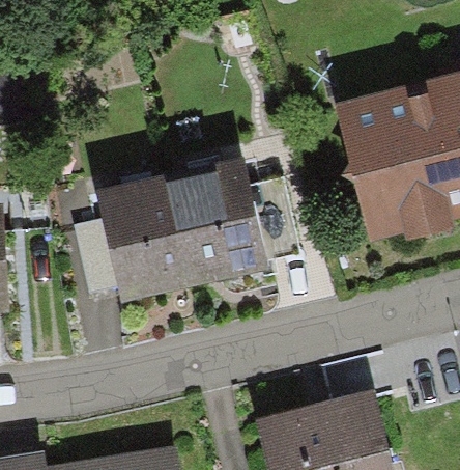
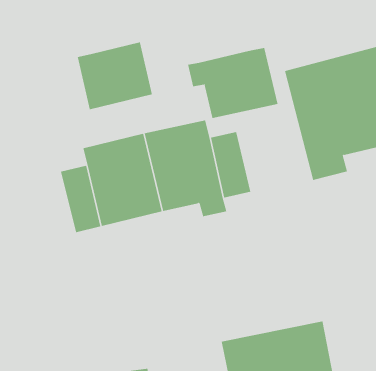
building: none -> [77,41,153,110]
building: none -> [187,47,278,119]

